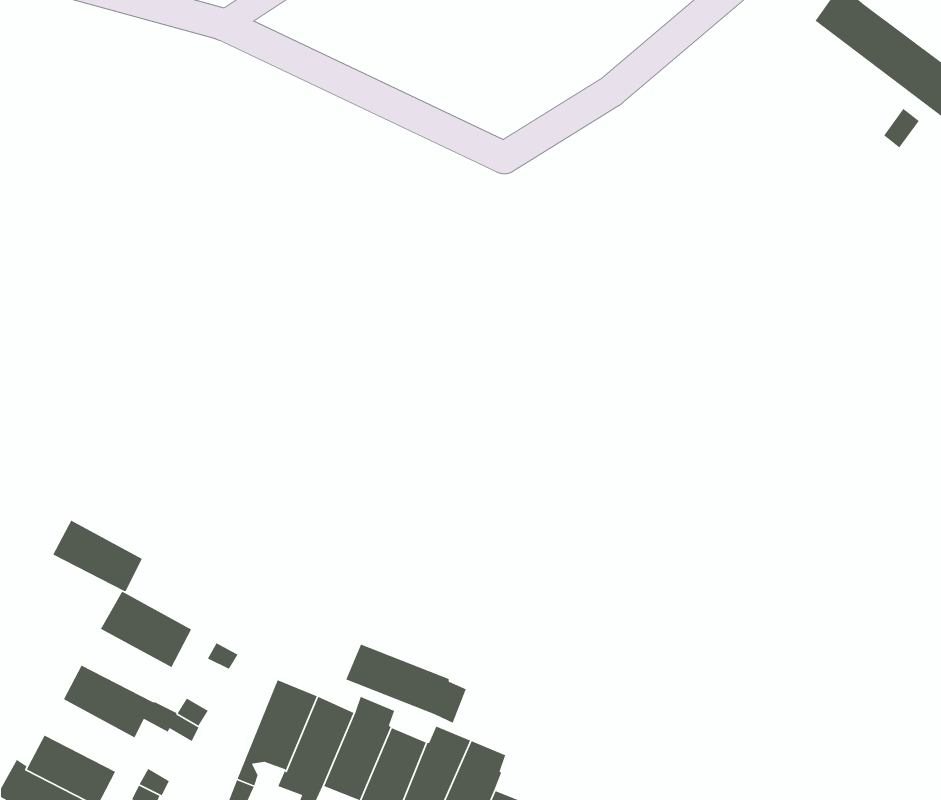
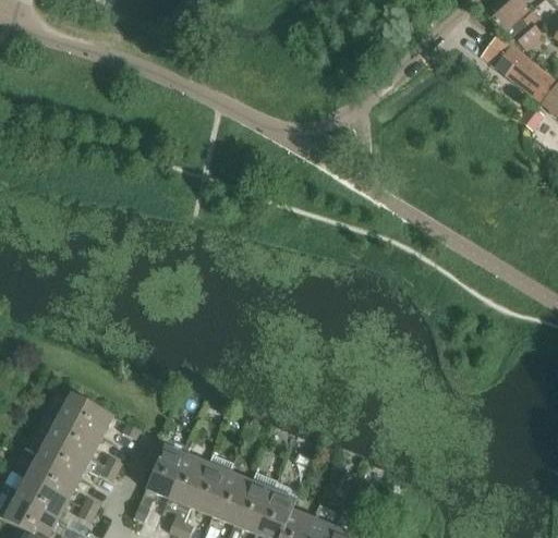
building: [52,520,143,592] -> [48,414,101,456]
building: [345,643,467,724] -> none
building: none -> [26,455,80,498]

